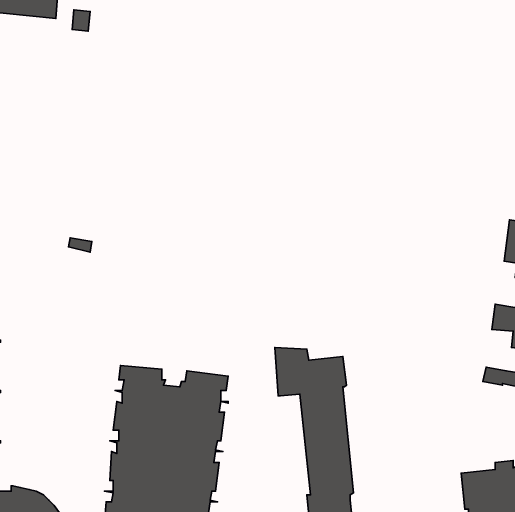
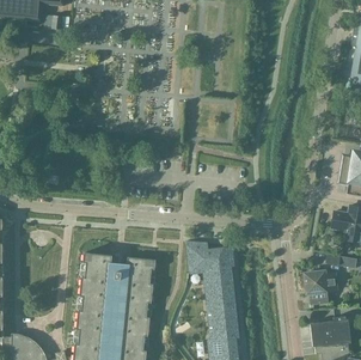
building: none -> [305,271,337,304]

